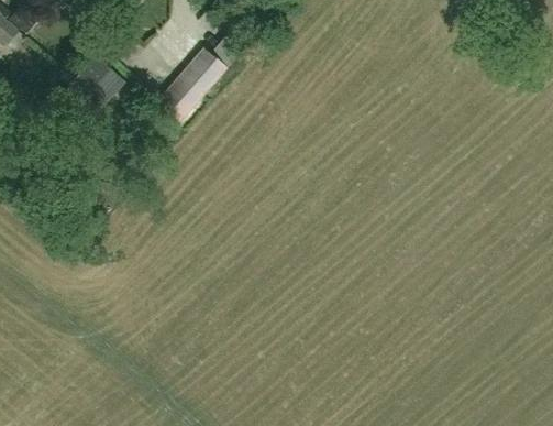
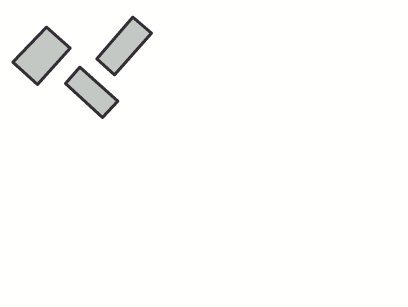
building: none -> [65,67,118,118]

